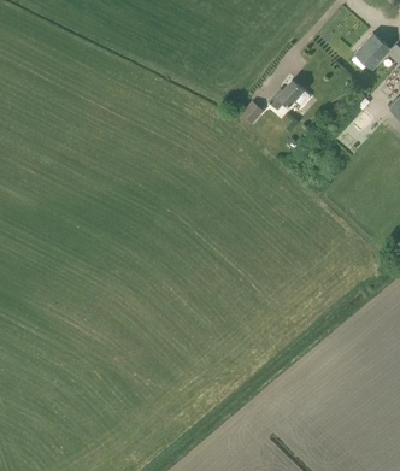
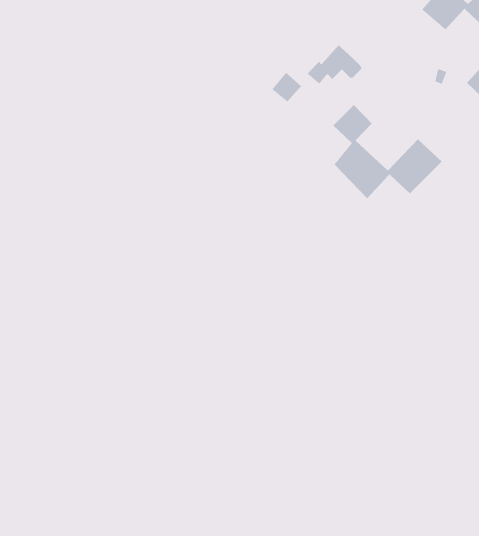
building: none -> [332,104,442,199]

